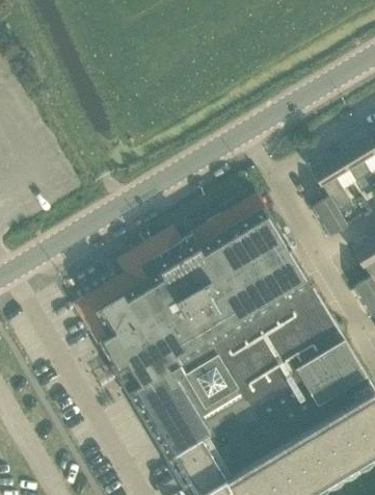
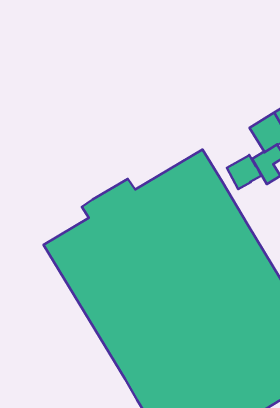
building: none -> [227,155,261,189]

